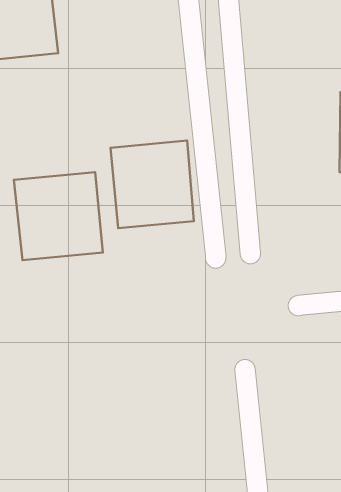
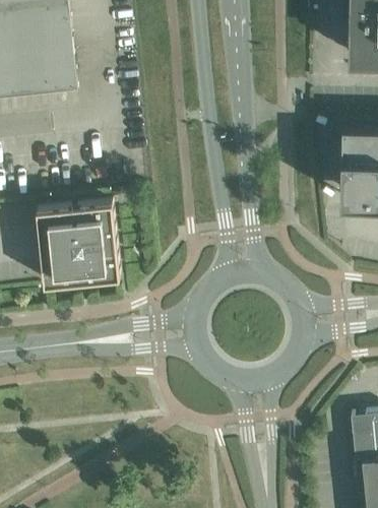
building: [111,140,194,228] -> none

